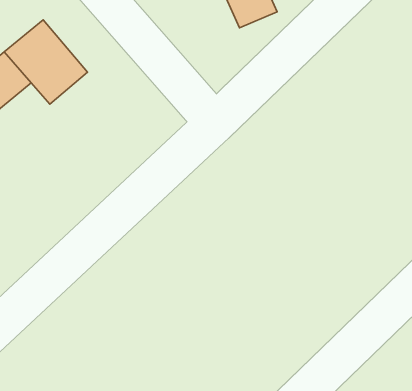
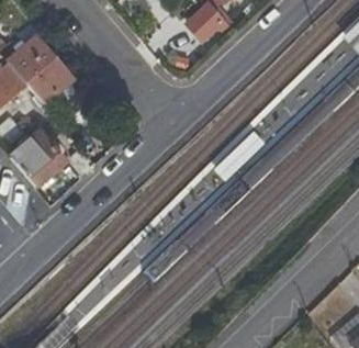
building: none -> [8,128,67,187]

